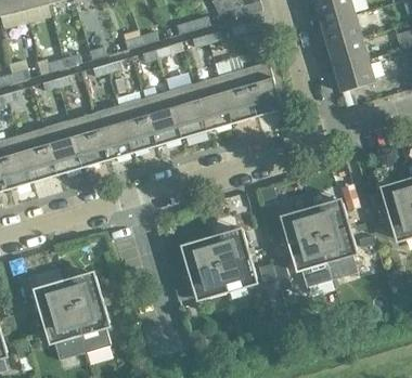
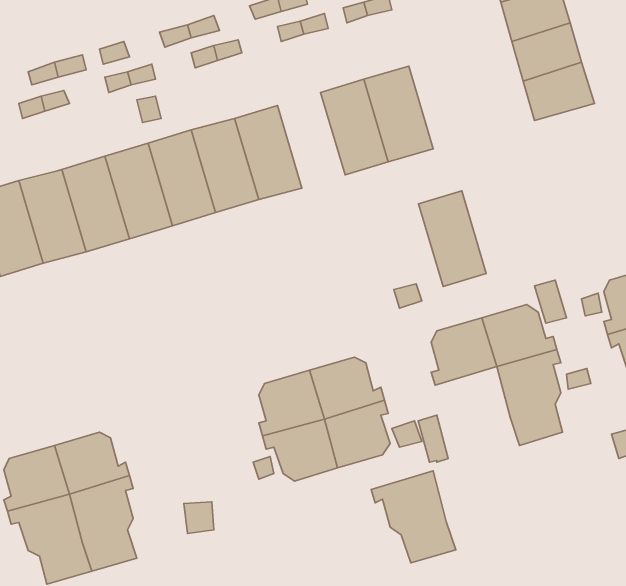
building: [192,75,231,130] -> [419,191,486,287]
building: [283,233,332,286] -> [371,471,456,563]

